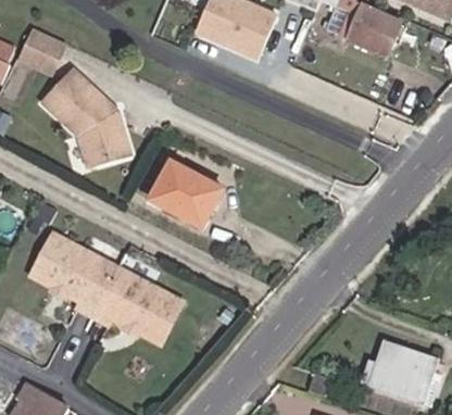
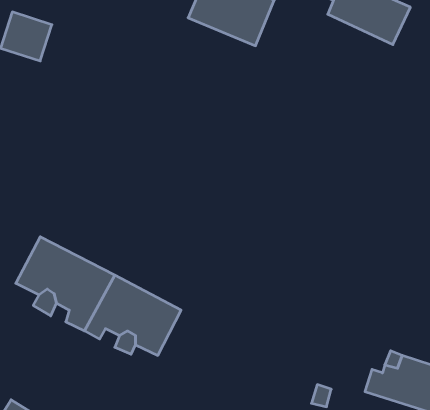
building: [47,64,137,164] -> none
building: [149,161,221,225] -> none

